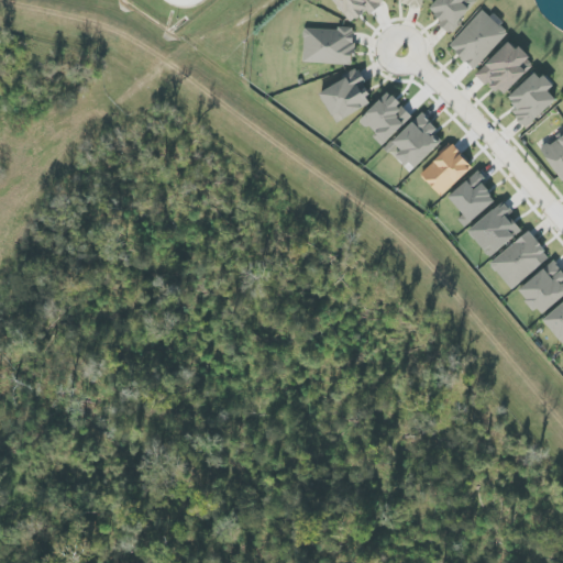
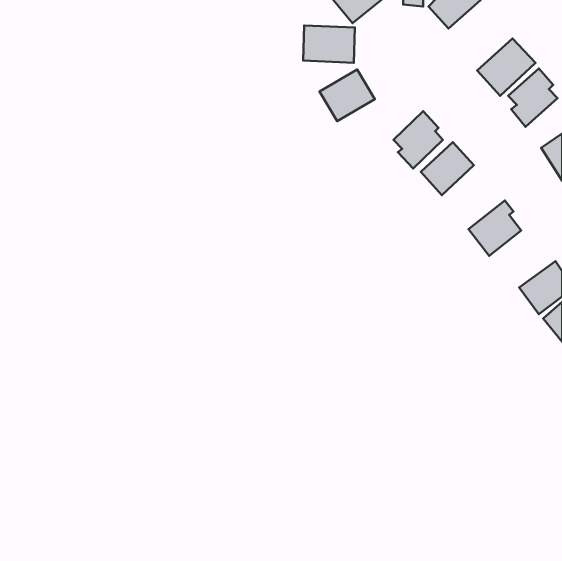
building: [449,9,507,67] -> none
building: [358,90,411,143] -> none
building: [449,172,497,220] -> none
building: [489,230,549,286] -> none

